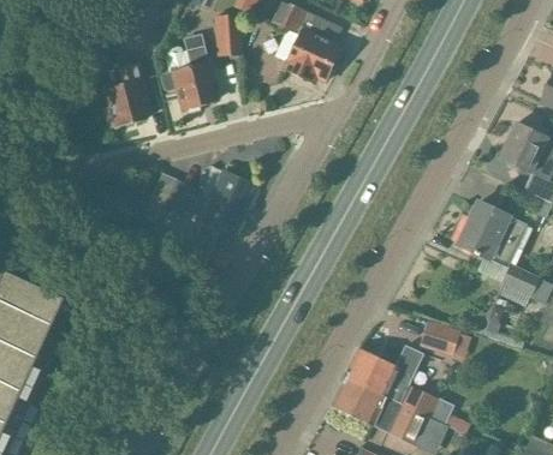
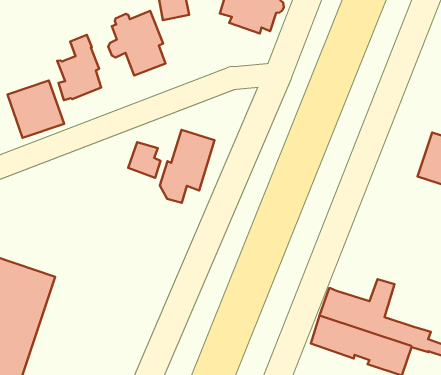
building: none -> [7,80,64,138]
building: [420,321,460,357] -> none

